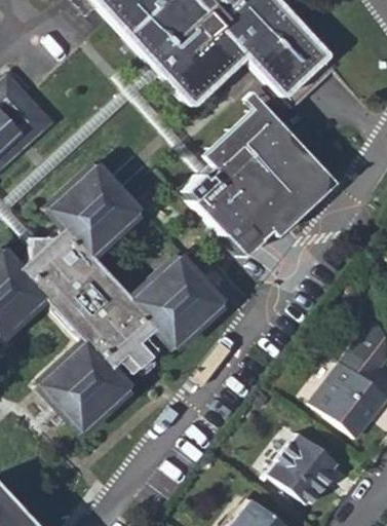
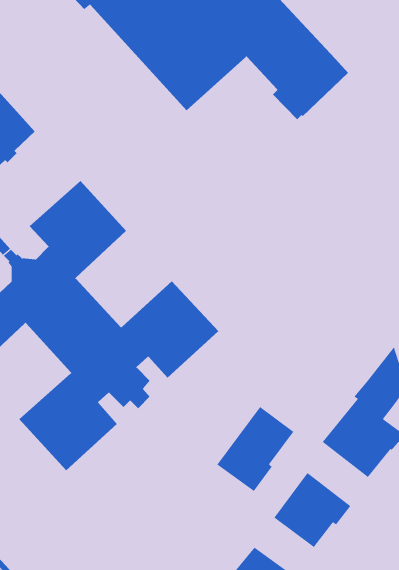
building: [183,113,333,264] -> none
building: none -> [216,406,294,492]

